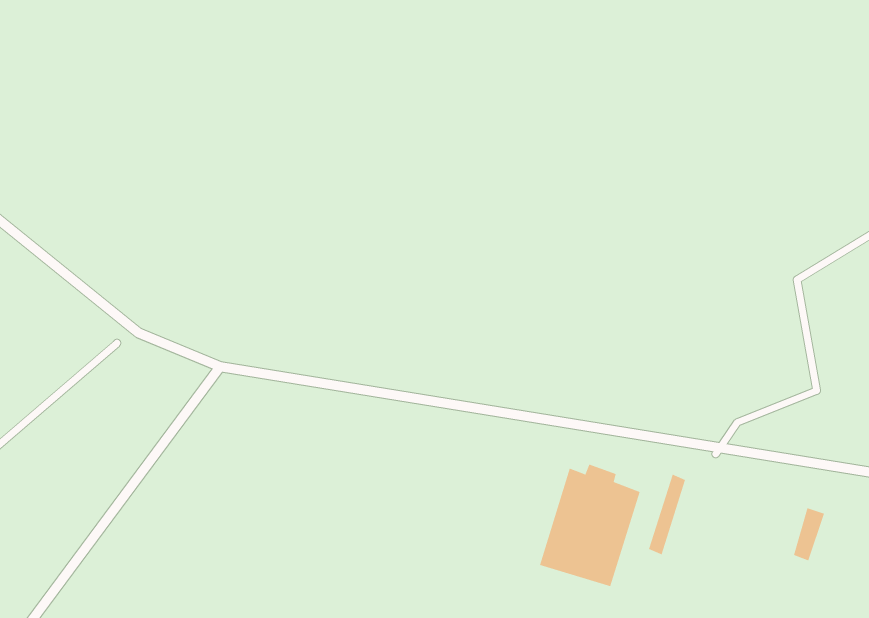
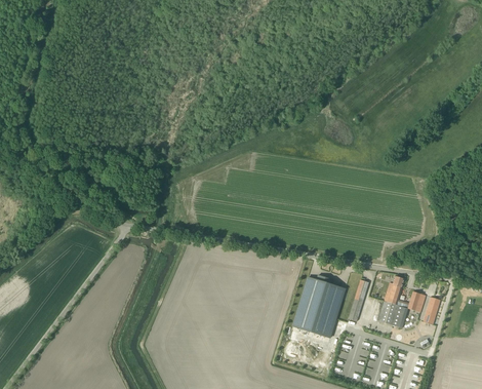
building: none -> [378,277,425,325]

